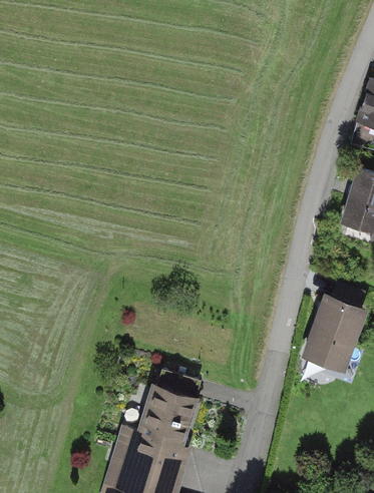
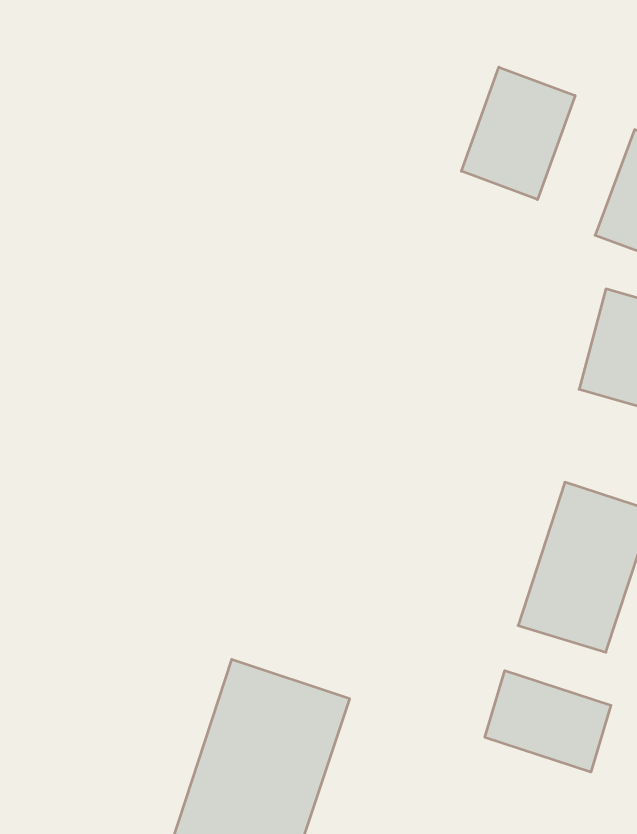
building: none -> [461,67,575,200]
building: none -> [485,671,611,772]

